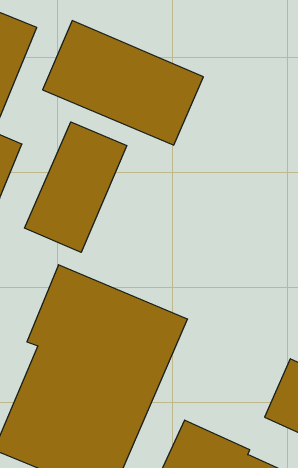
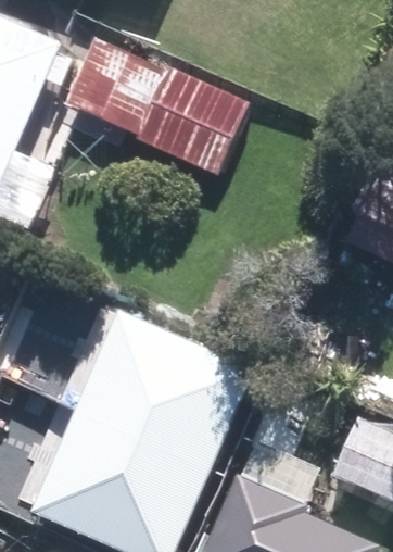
building: [25,122,127,252] -> none

